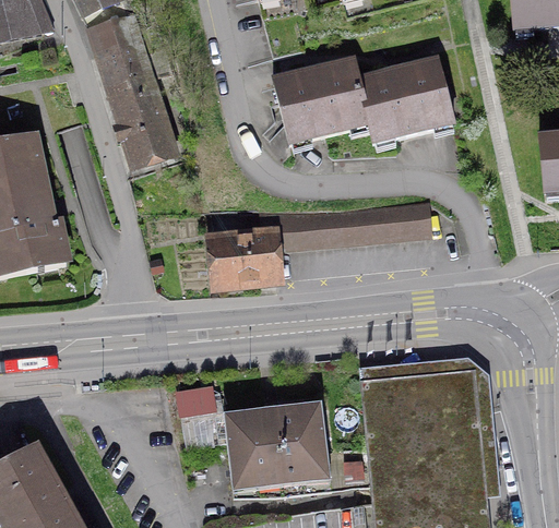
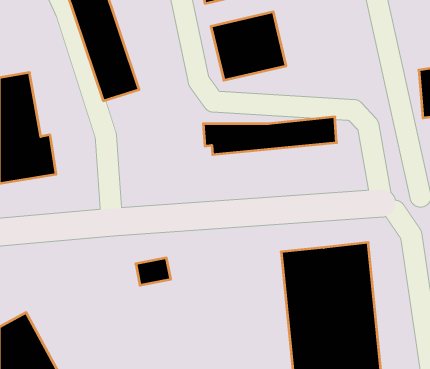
building: [356,61,452,147] -> none
building: [206,230,277,277] -> none
building: [225,398,328,481] -> none

